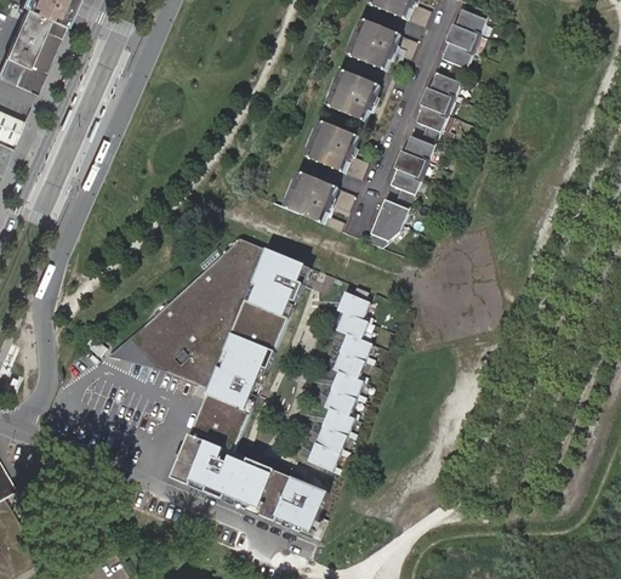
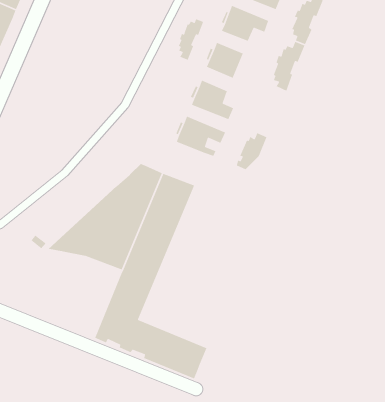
building: none -> [178,18,204,61]
building: [391,131,437,200] -> none
building: [308,291,372,471] -> none

